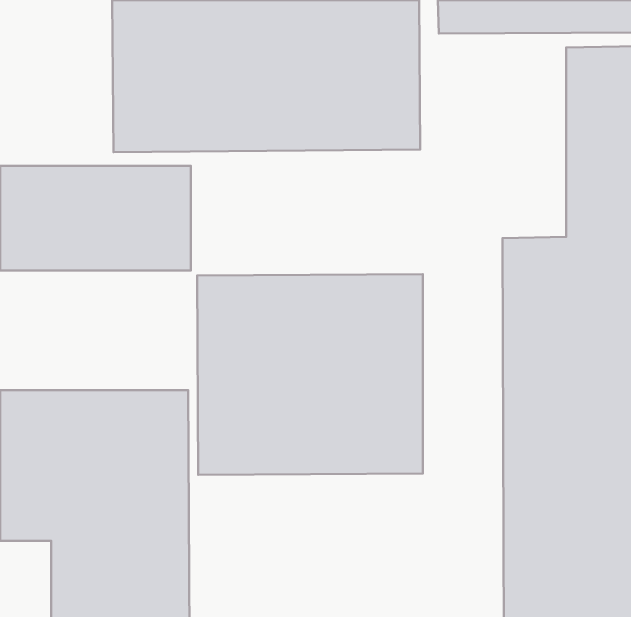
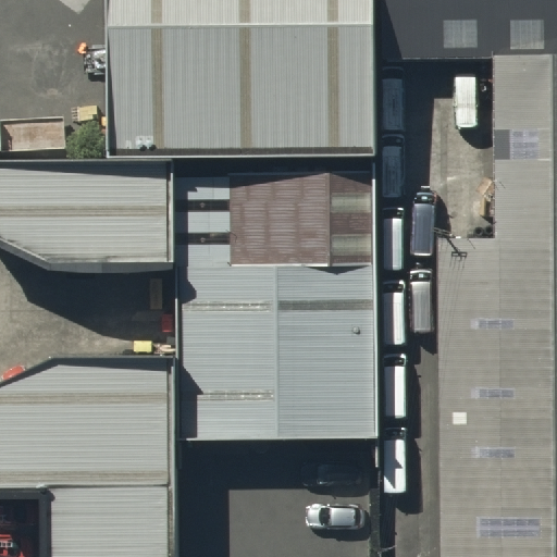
building: none -> [176,154,373,253]

